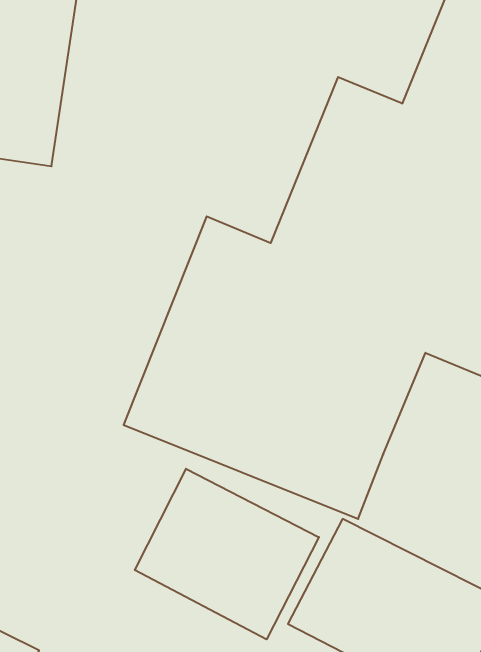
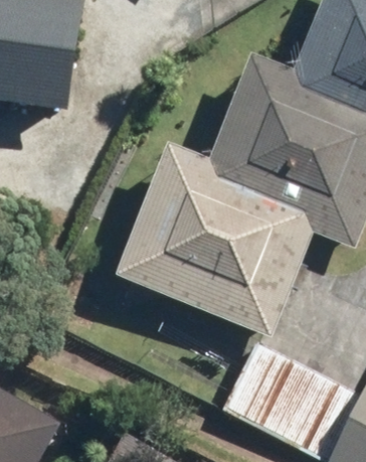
building: [135,469,319,639] -> none

